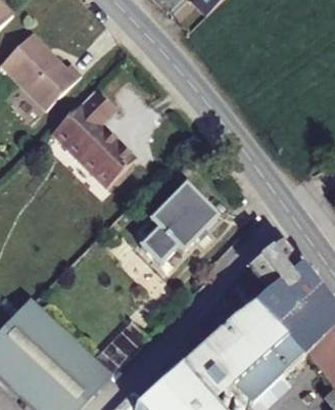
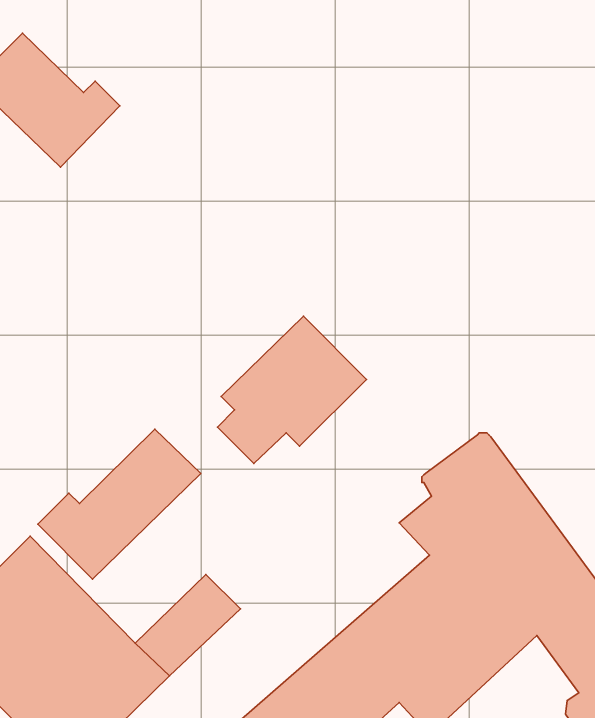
building: [52,85,137,184] -> none
building: none -> [38,429,201,579]

